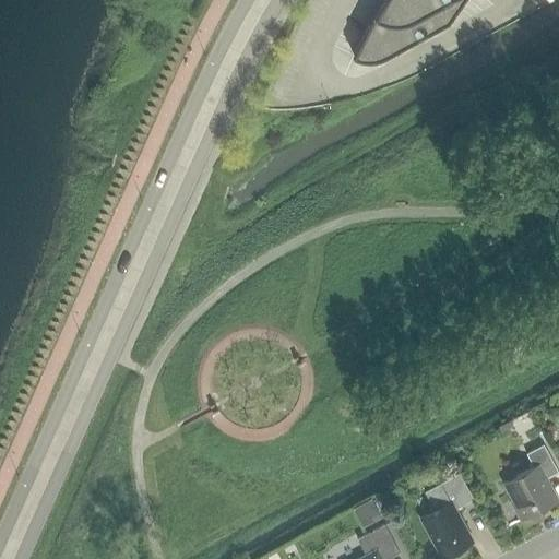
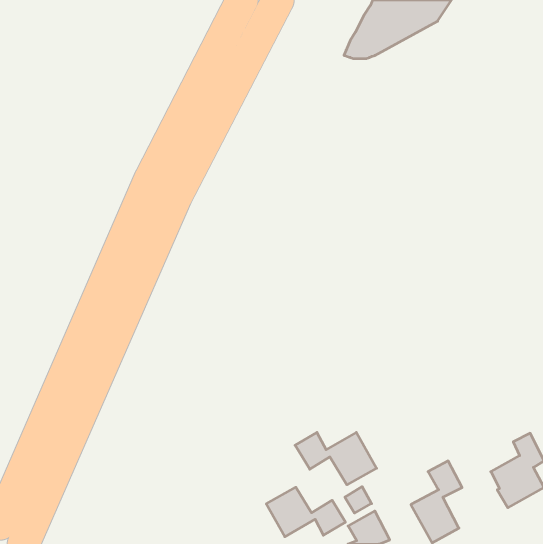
building: none -> [295,432,377,485]
building: none -> [266,487,345,537]

